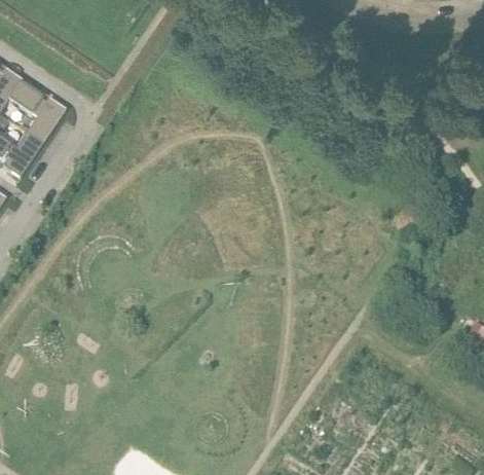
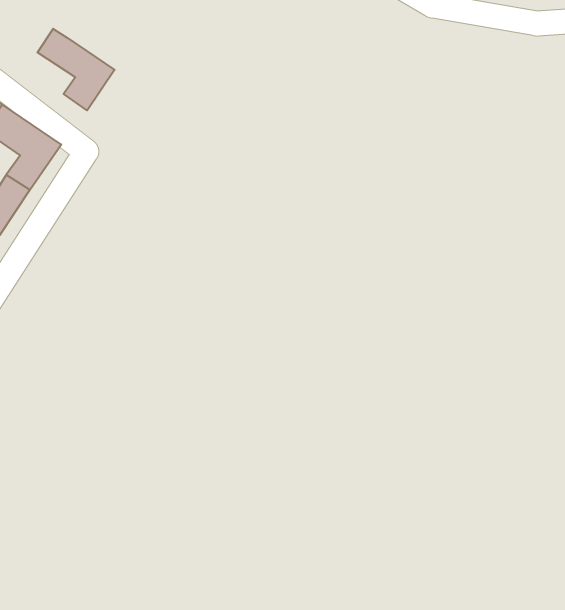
building: none -> [38,29,115,110]

